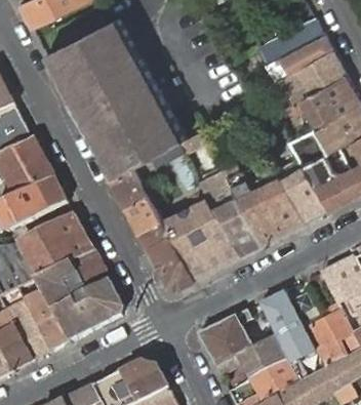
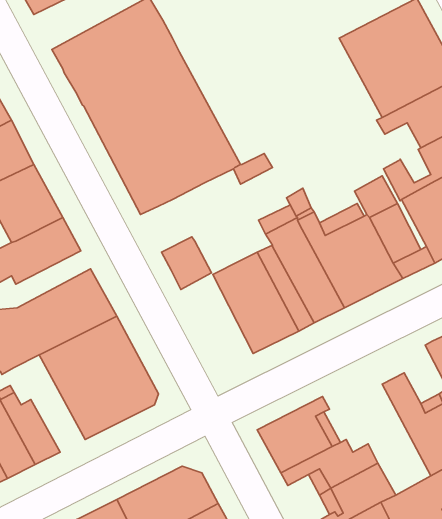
building: [110,165,148,204] -> none
building: [139,219,193,288] -> none
building: [16,280,69,352] -> none
building: [257,291,324,383] -> none

